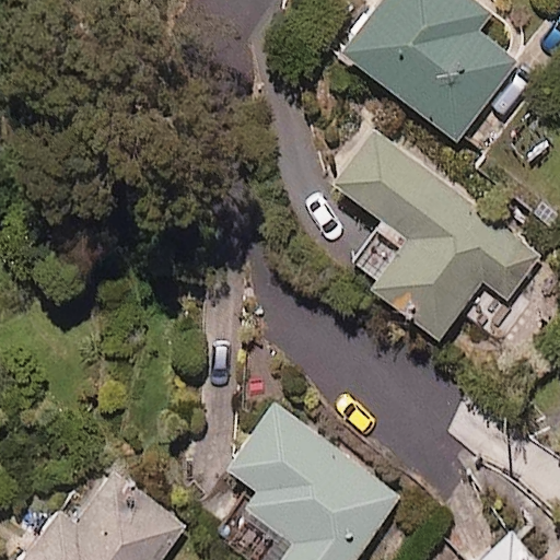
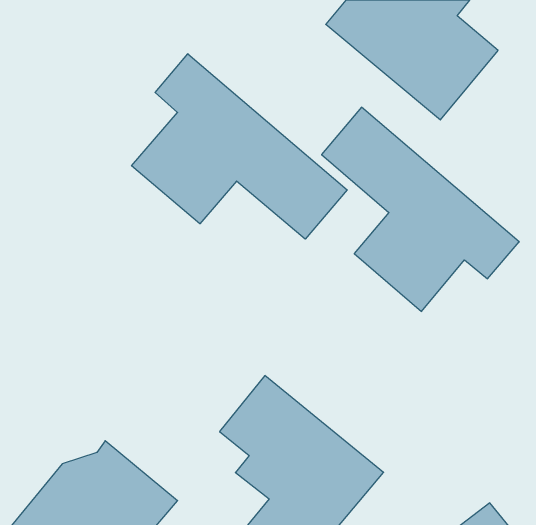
building: none -> [132,54,347,239]

